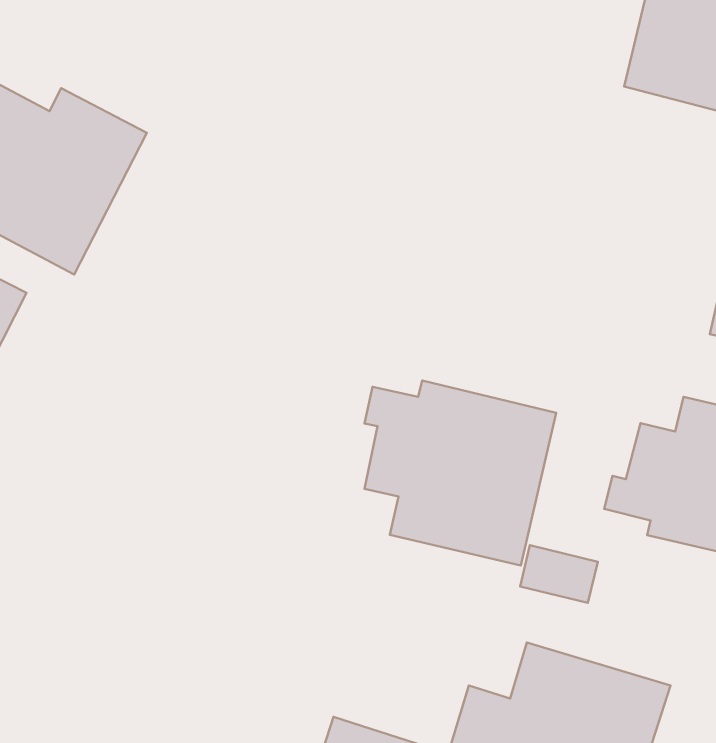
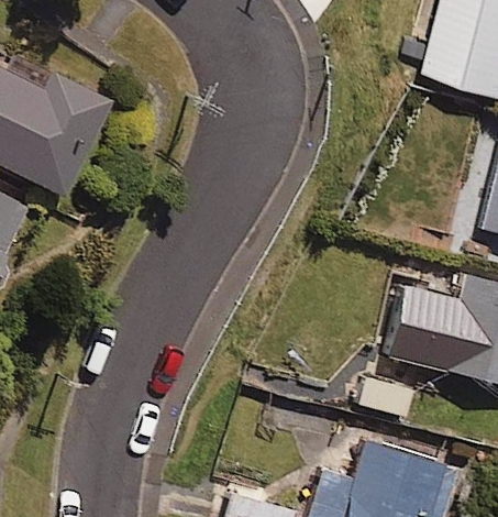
building: [364,380,556,565] -> none

